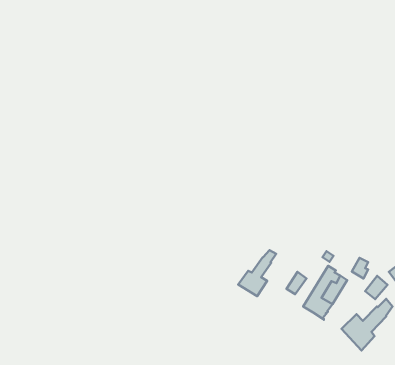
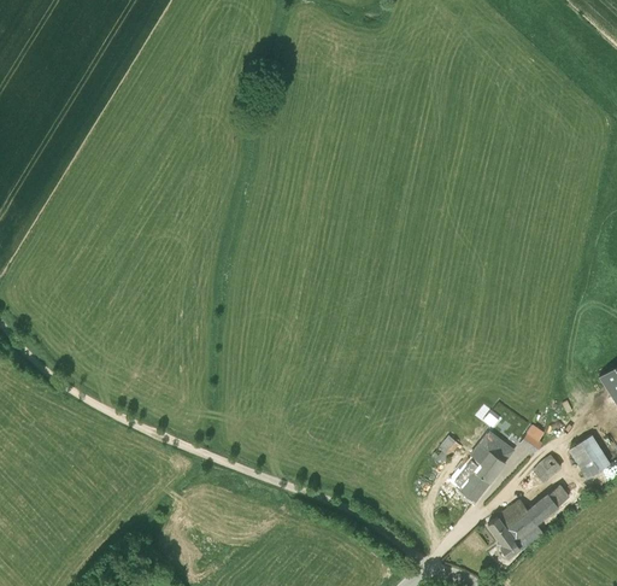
building: [238,250,276,296] -> none
building: none -> [487,516,521,557]

